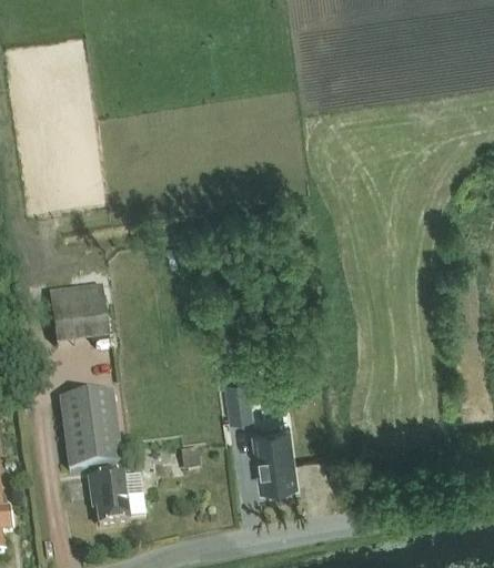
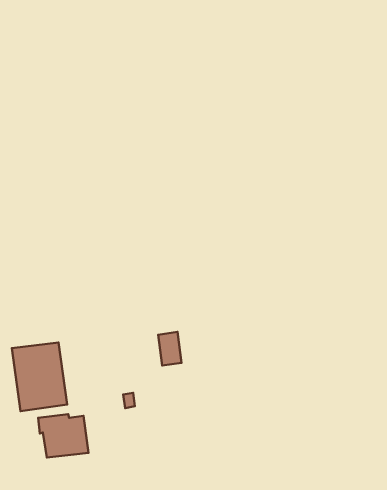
building: [56,284,113,341] -> none
building: [254,426,293,485] -> none

